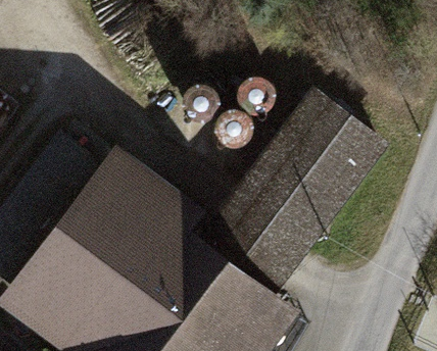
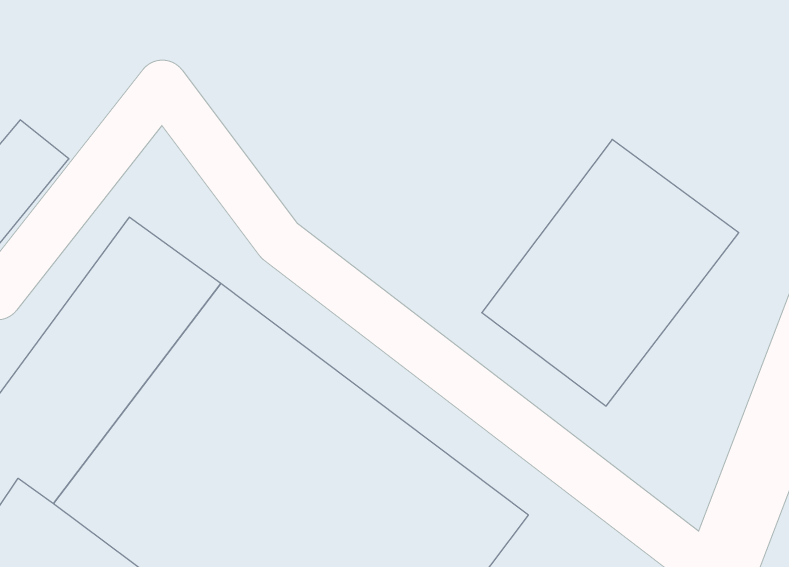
building: [213,191,321,297] -> none

